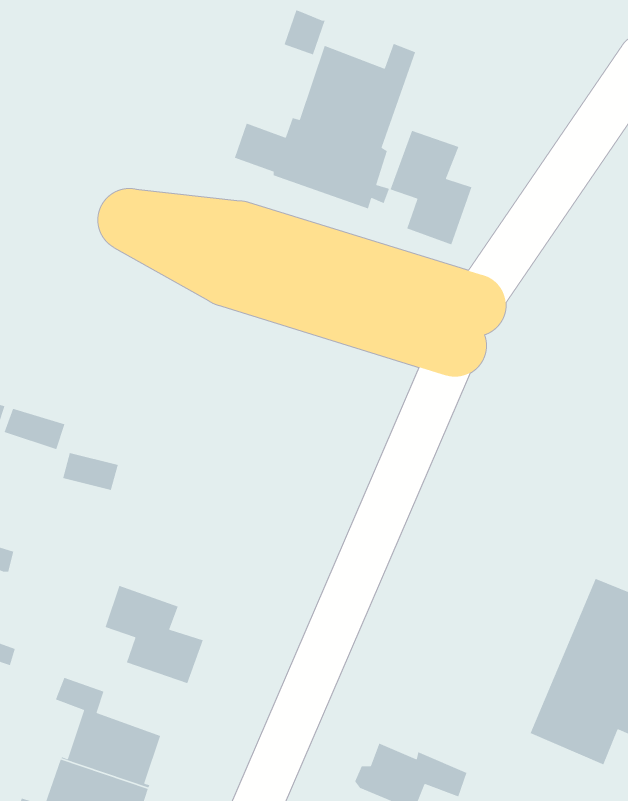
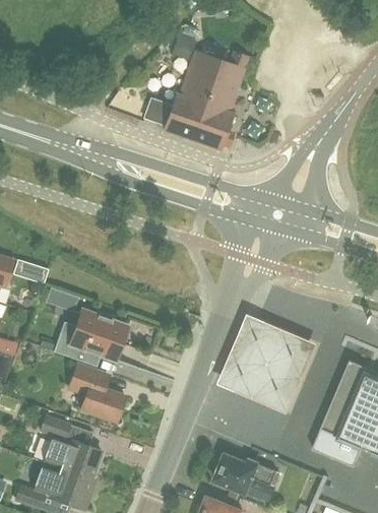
building: [390,130,472,246] -> none
building: none -> [55,309,128,363]
building: none -> [222,318,320,420]

